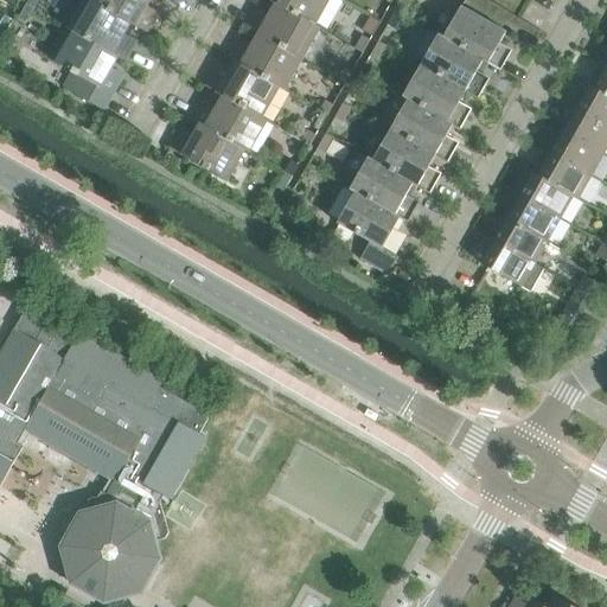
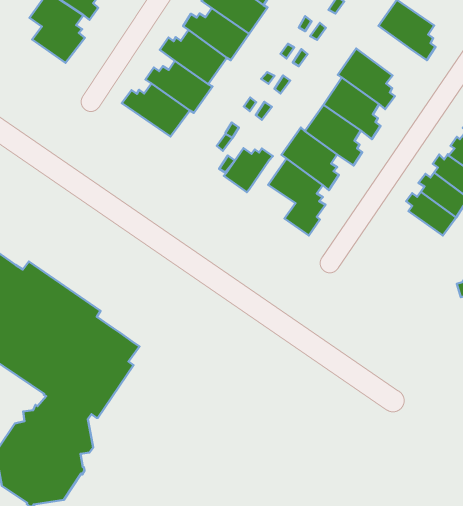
building: [421,33,486,97] -> none
building: none -> [224,148,273,192]
building: [478,238,543,290] -> none

